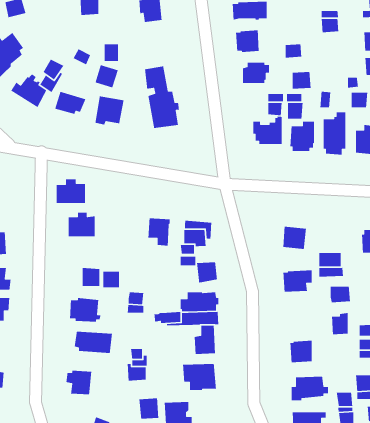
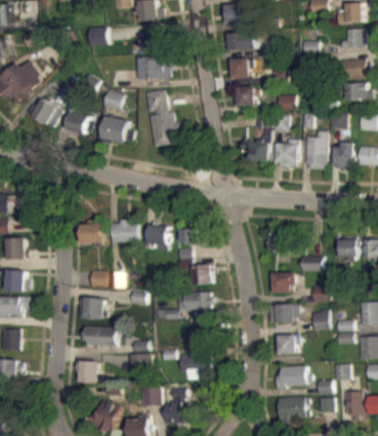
building: none -> [137,56,171,79]
building: [56,179,86,204] -> [113,219,139,241]
building: none -> [268,303,298,321]

